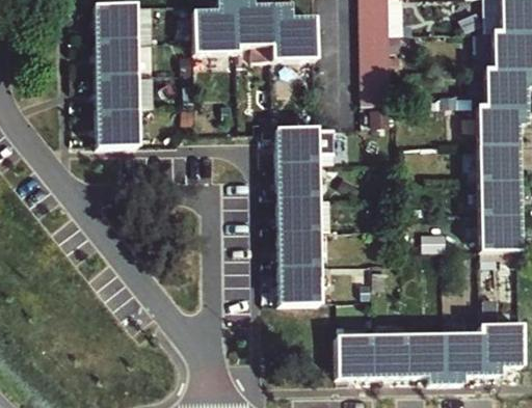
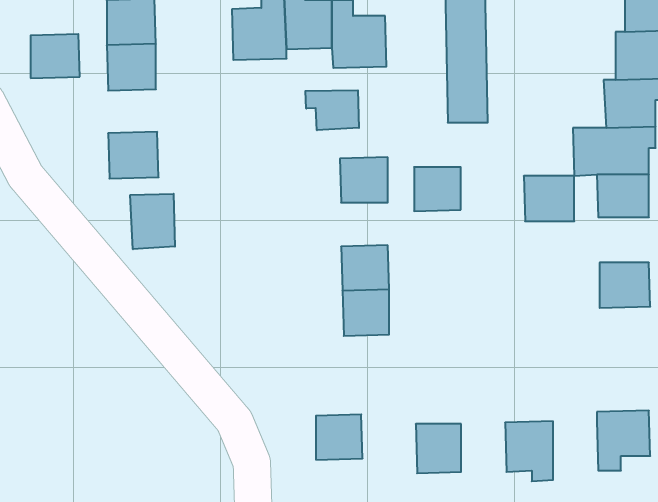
building: [99,75,137,109] -> [31,34,80,78]
building: none -> [305,90,359,130]
building: none -> [130,194,175,249]
building: [281,163,317,197] -> [414,167,461,211]
building: [481,174,521,210] -> [524,176,574,221]
building: [283,266,319,301] -> [316,414,363,460]
building: [446,333,481,379] -> none
building: [374,334,409,373] -> none

